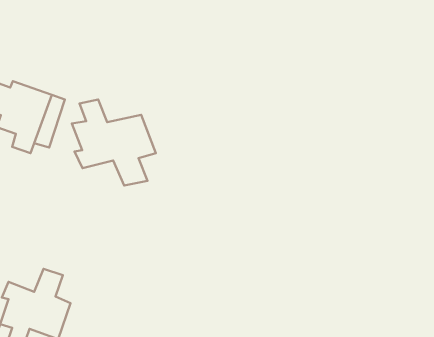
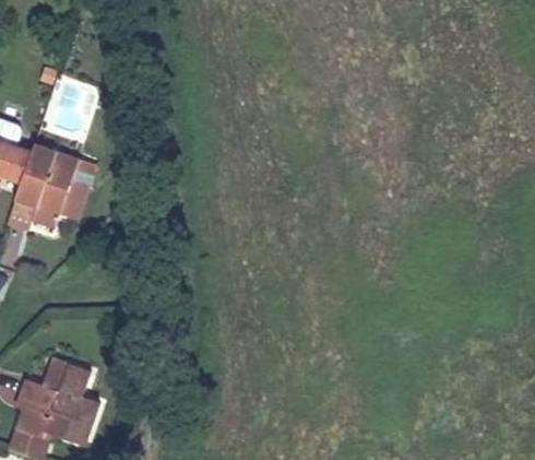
building: [72,99,156,185] -> none

